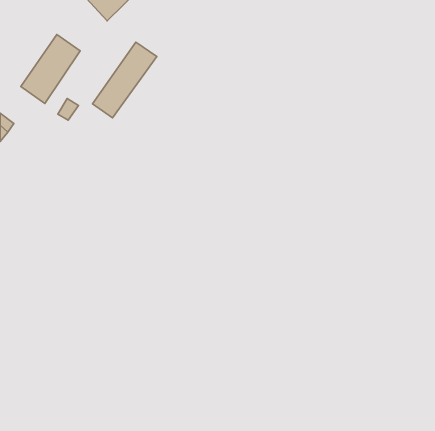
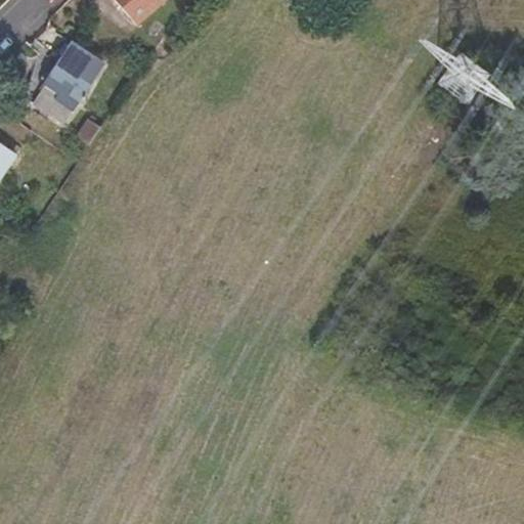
building: [93,42,157,118] -> none

